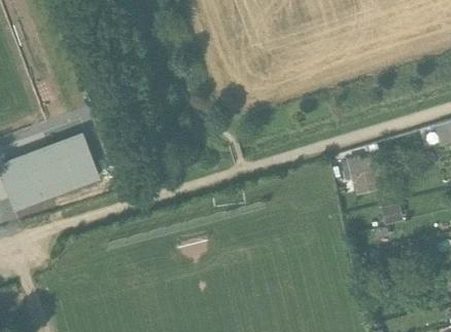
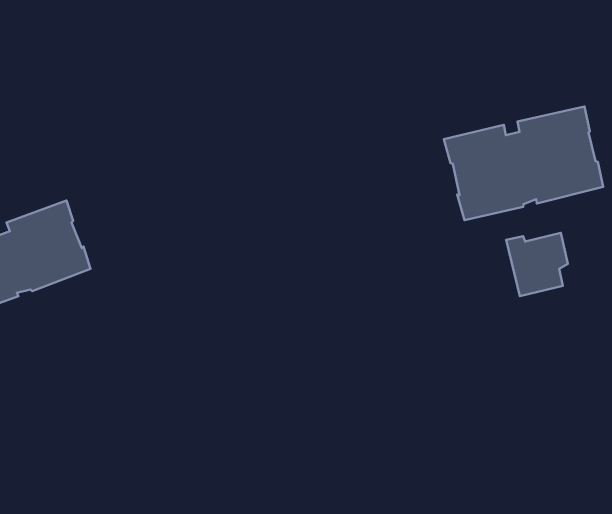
building: none -> [444,106,603,220]

